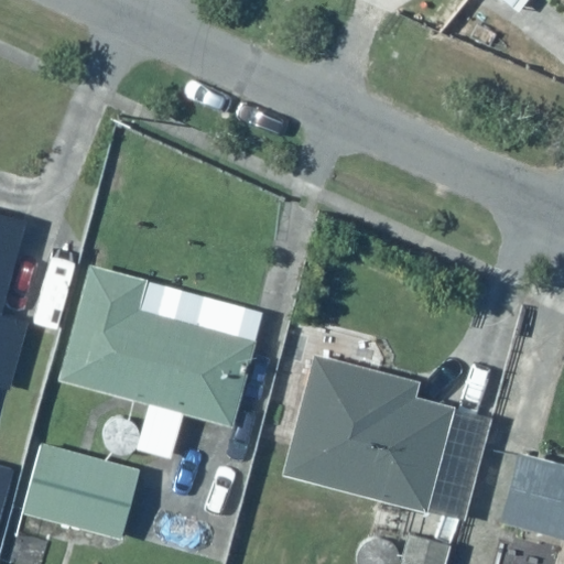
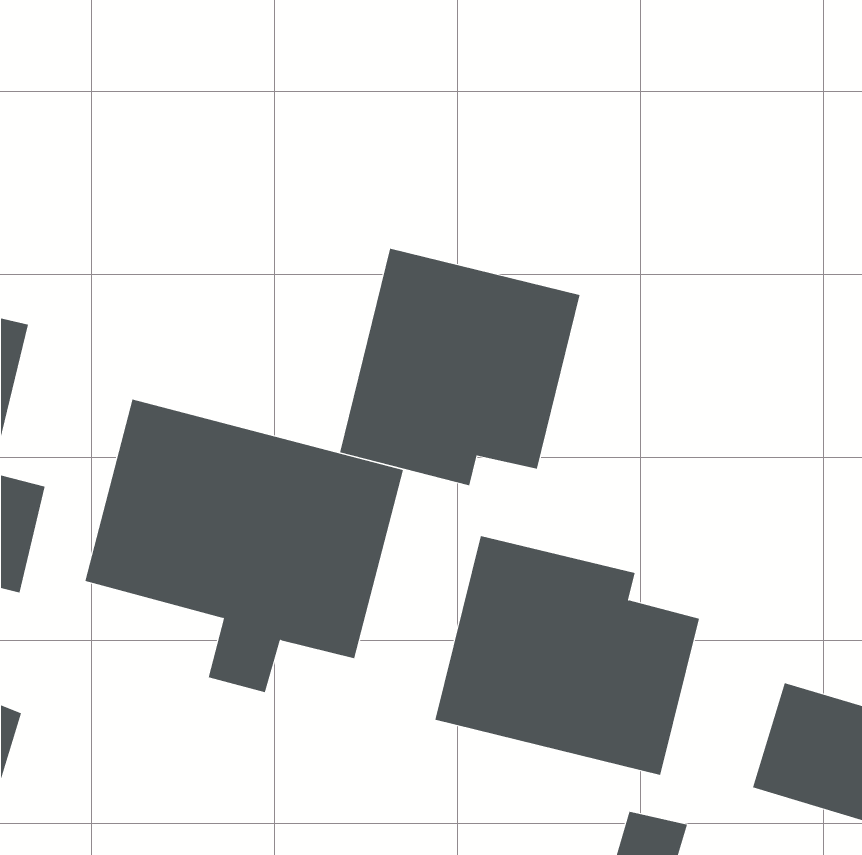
building: none -> [340,248,580,486]
building: [21,441,141,539] -> none

